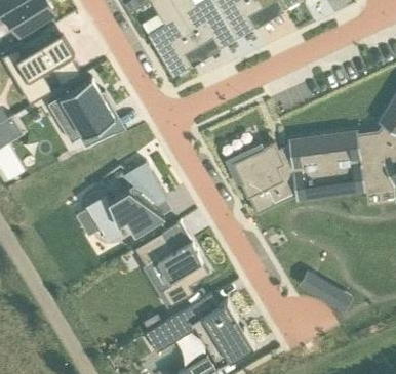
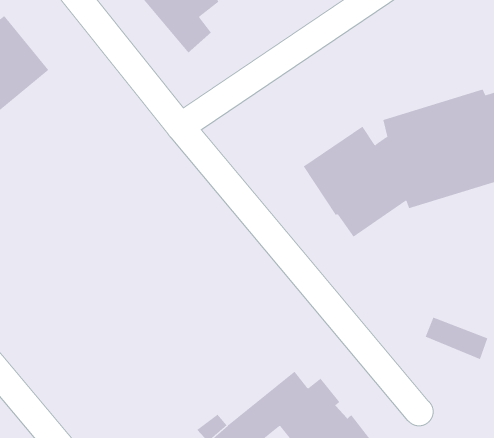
building: [60,77,115,148] -> none
building: [85,161,166,242] -> none
building: [134,232,207,304] -> none

